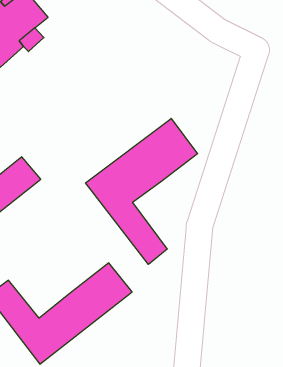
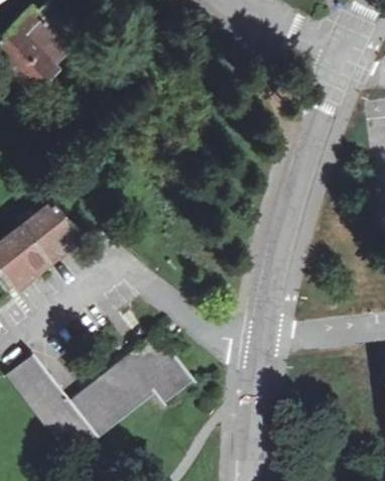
building: [86,118,198,264] -> none

